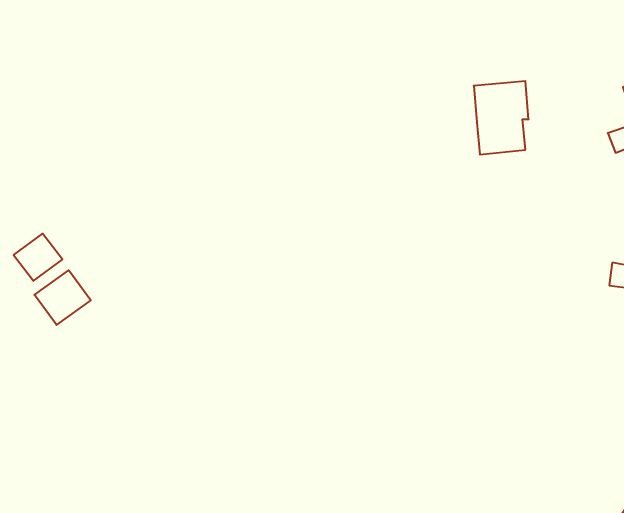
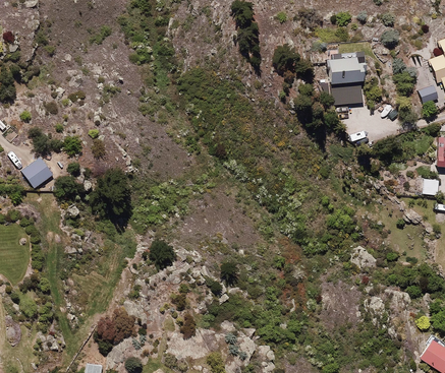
building: [34,270,91,325] -> none

